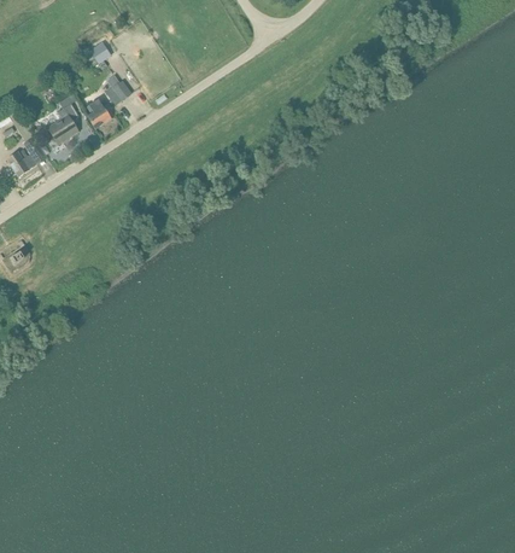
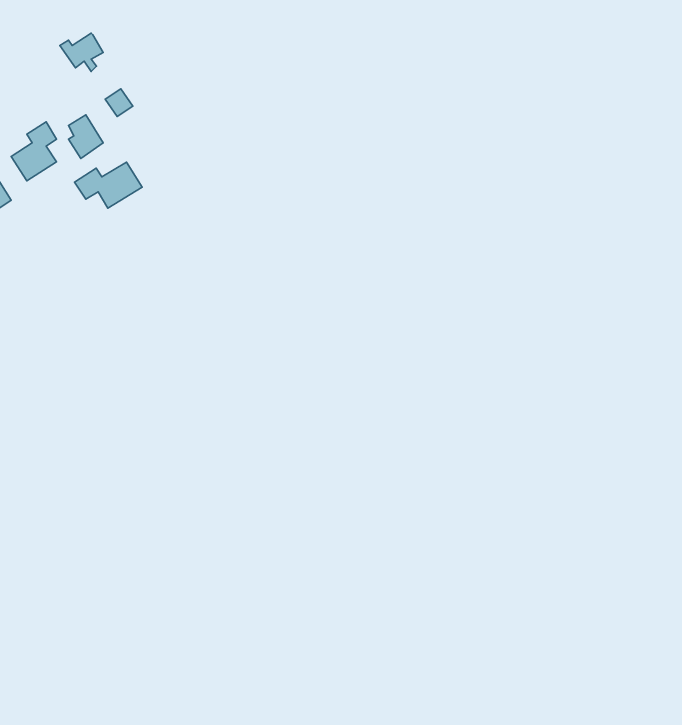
building: none -> [74,162,142,208]

